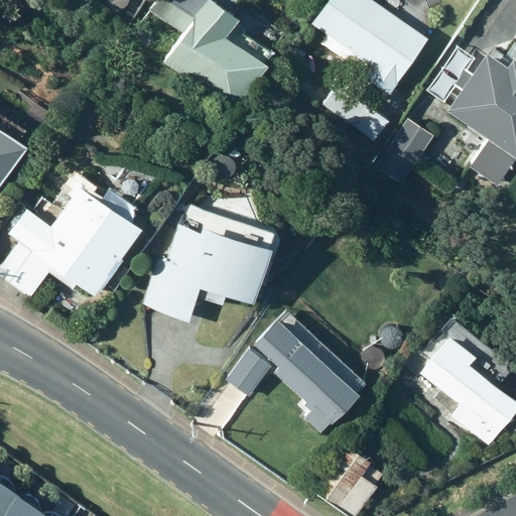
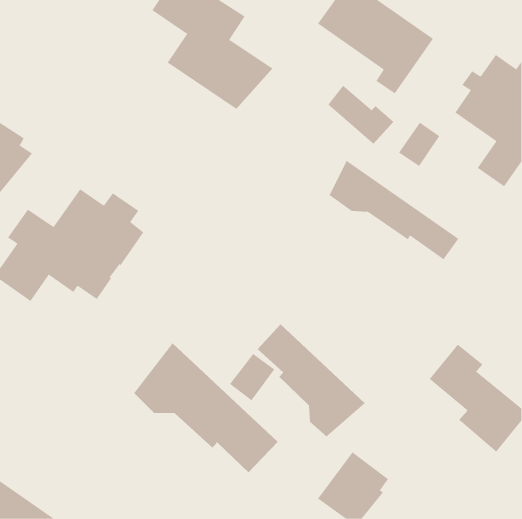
building: none -> [329,160,459,260]
building: [141,225,273,320] -> none
building: none -> [134,342,278,473]

